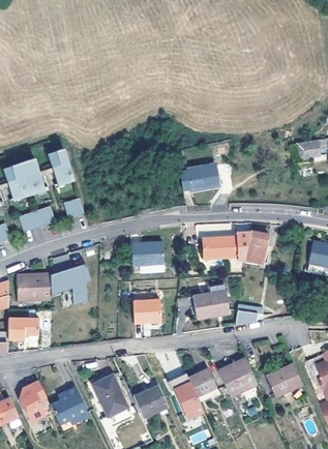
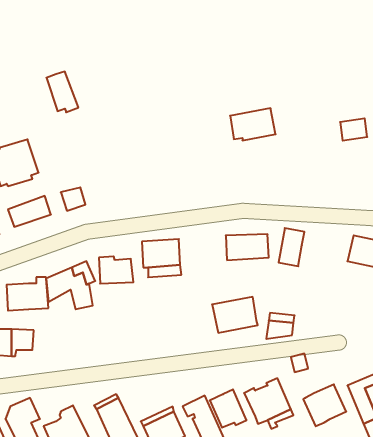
building: [48,148,74,182] -> [46,72,78,112]
building: [180,166,218,192] -> [230,108,276,140]
building: [131,300,160,323] -> [99,256,133,284]

